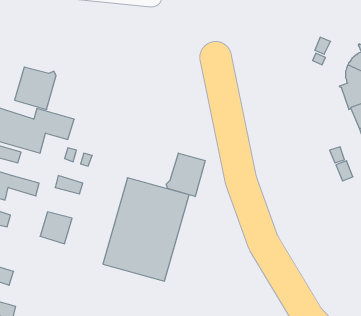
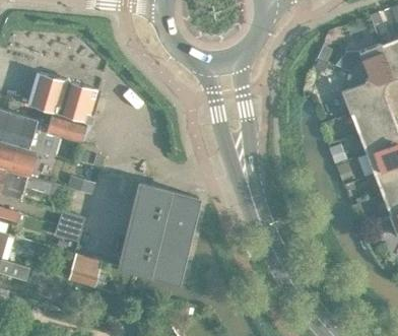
building: none -> [61,83,102,125]
building: [166,153,205,197] -> none
building: none -> [68,255,102,289]

